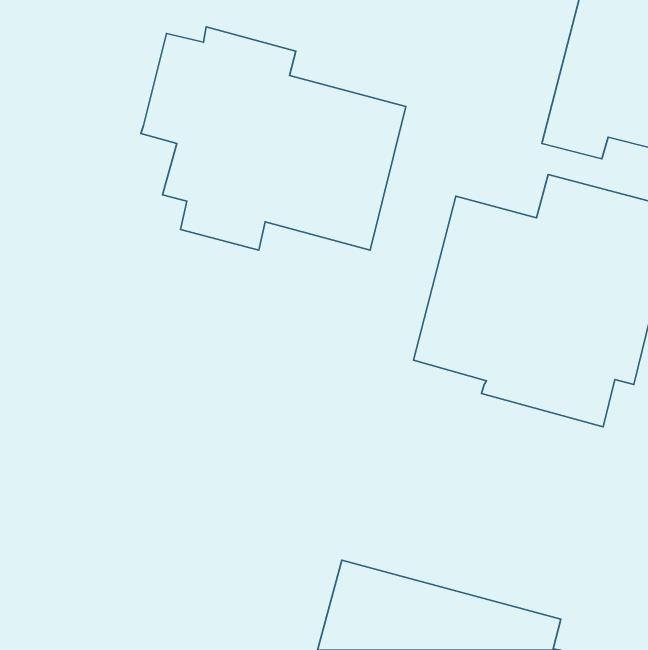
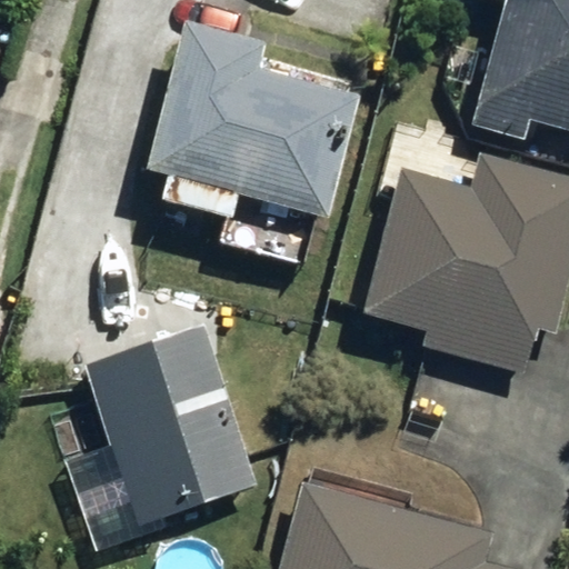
building: none -> [83,328,257,522]

